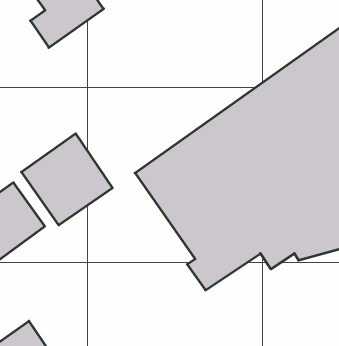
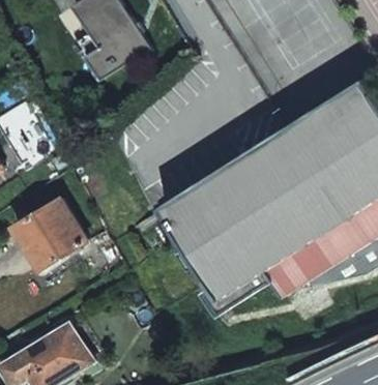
building: [21,134,112,225] -> none

